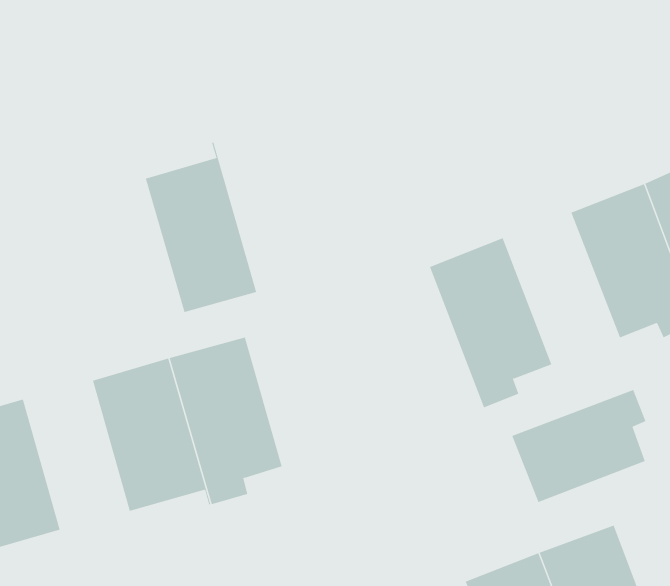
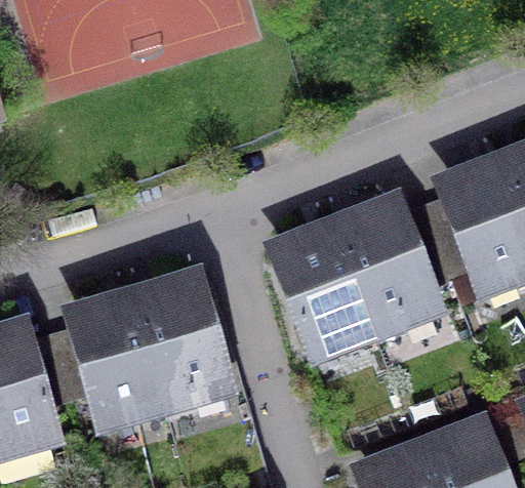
building: [145,141,257,313] -> none
building: none -> [278,228,378,348]
building: [512,389,646,503] -> none

